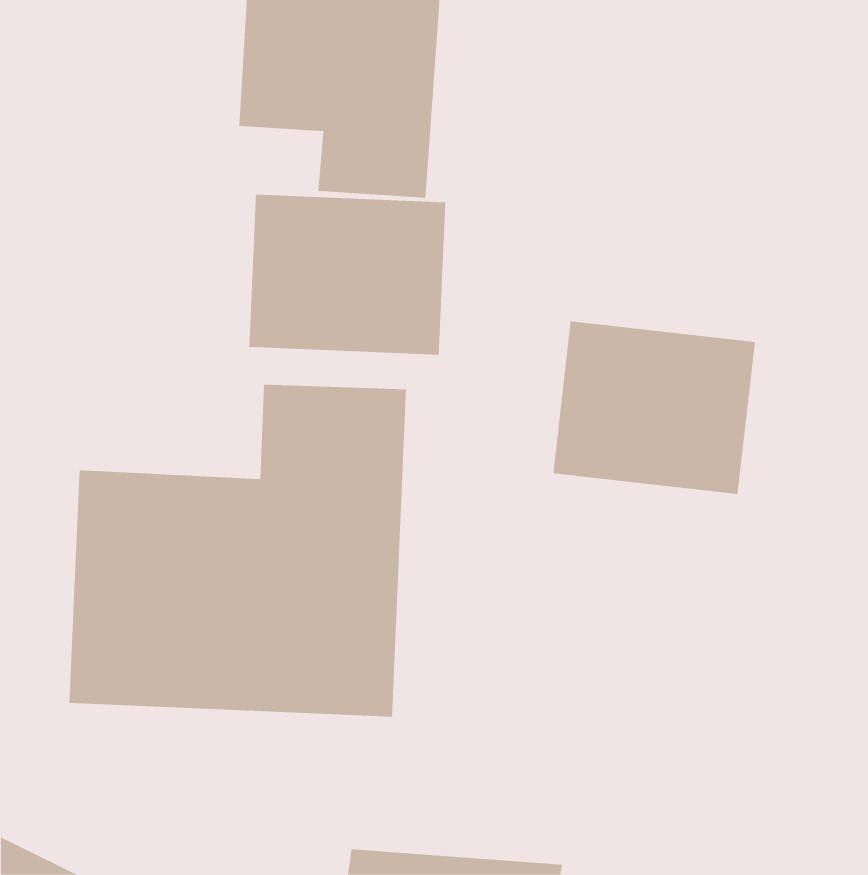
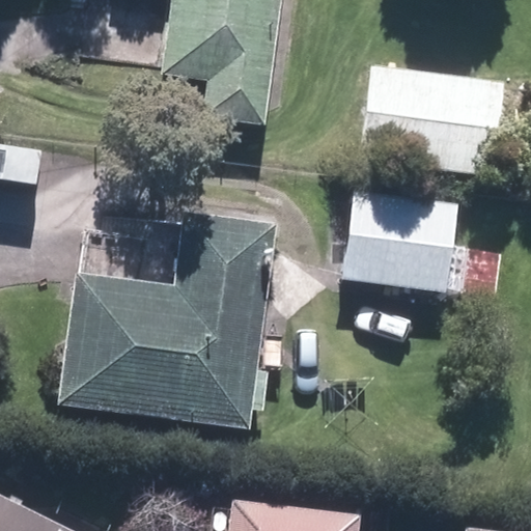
building: none -> [359,60,502,180]
building: [249,194,446,356] -> none

